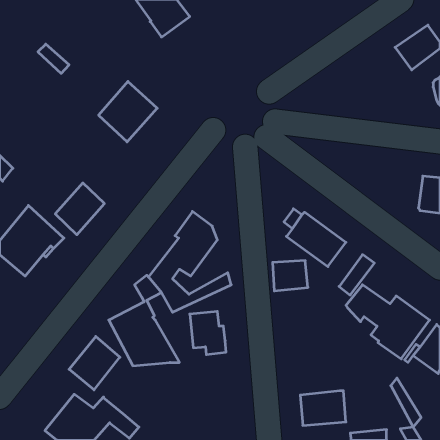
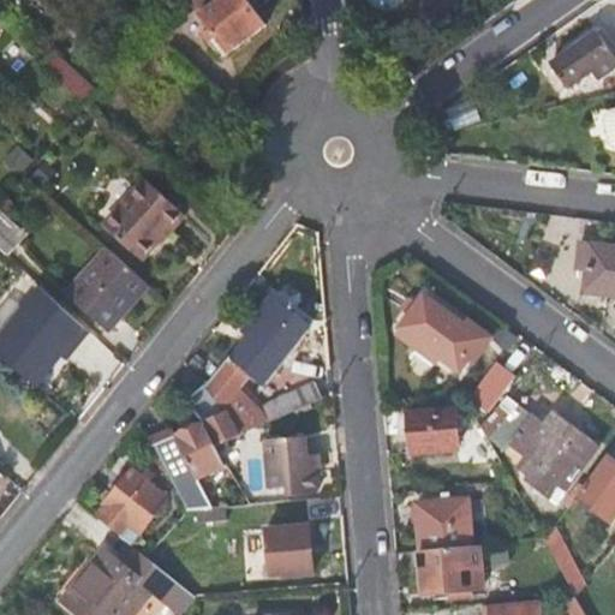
building: [99,81,157,142] -> [102,177,184,261]
building: [273,261,308,291] -> [408,410,458,452]
building: none -> [413,497,473,550]
building: none -> [264,524,311,575]

